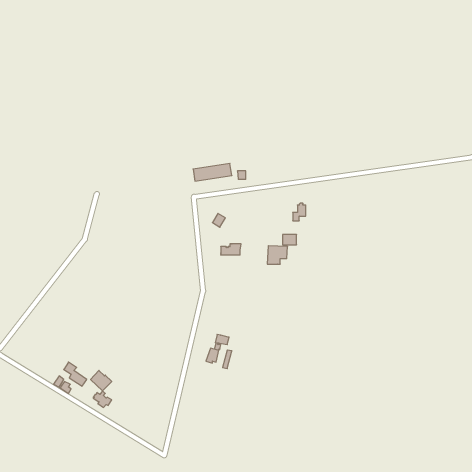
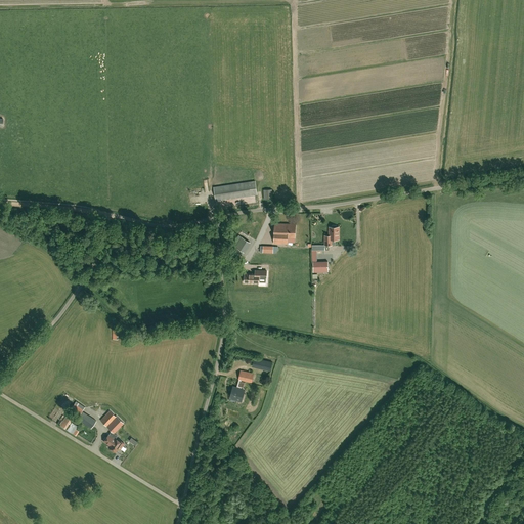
building: [267,246,288,264] -> [273,223,296,244]

